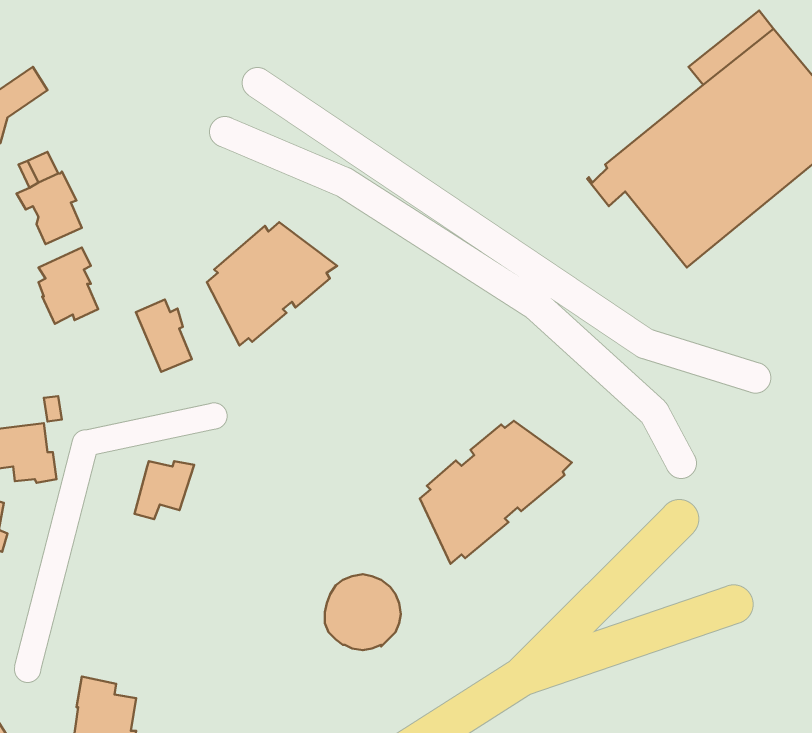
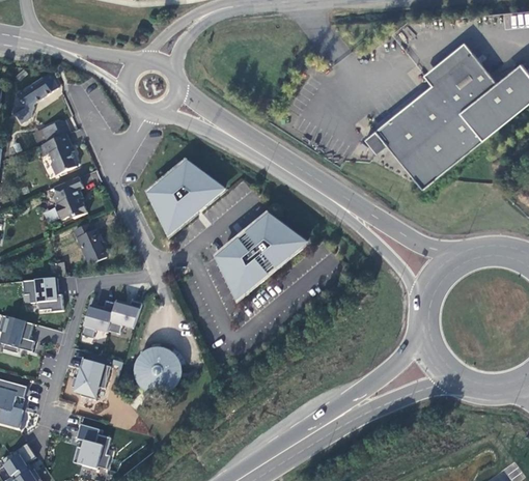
building: [136,300,192,372] -> [74,223,106,264]
building: [420,421,572,564] -> [218,217,305,299]
building: none -> [81,300,114,338]
building: none -> [71,359,110,399]
building: [325,574,401,650] -> [136,348,179,392]

